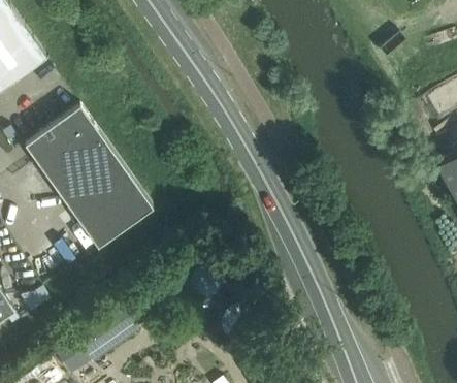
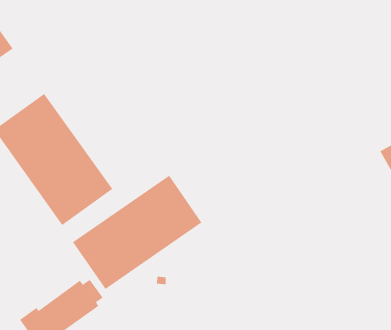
building: none -> [72,175,202,290]

